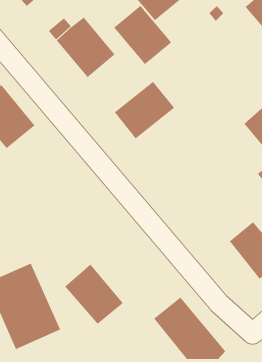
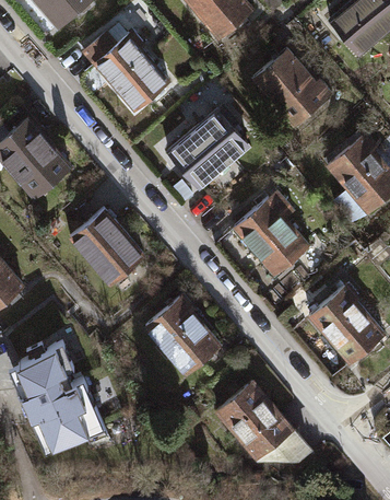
building: [113,5,172,65] -> [253,50,327,126]
building: none -> [234,200,307,276]
building: none -> [69,208,144,286]
building: [64,264,124,325] -> [145,296,220,373]

